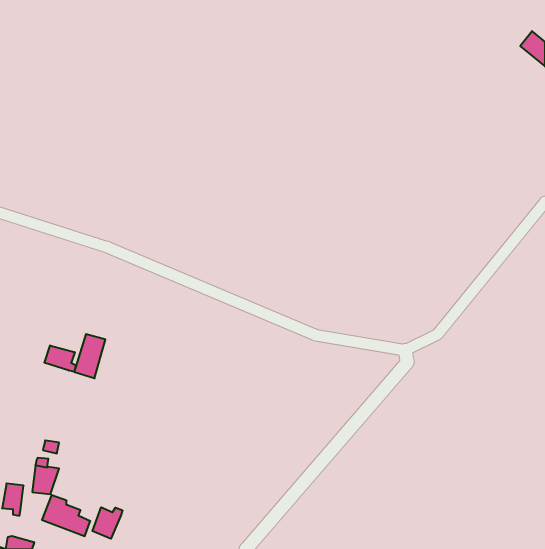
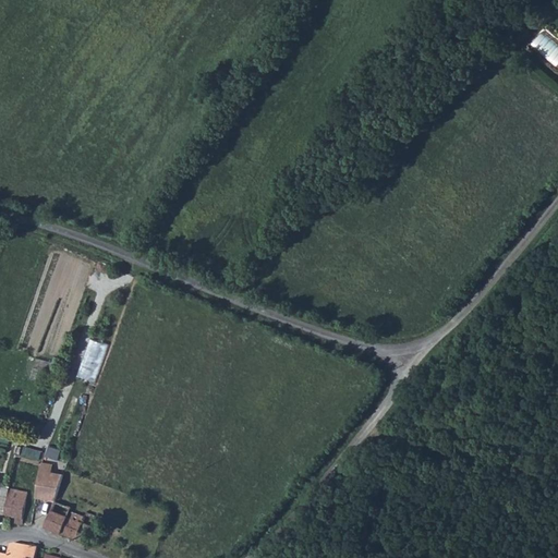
building: [44,345,76,372] -> none
building: [92,507,122,539] -> none

